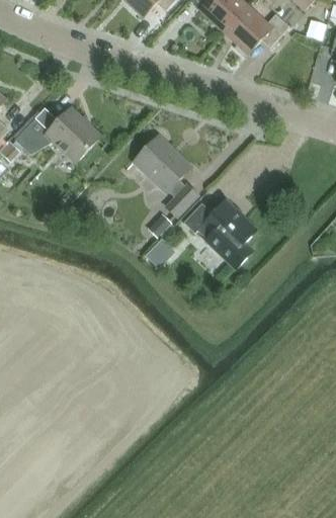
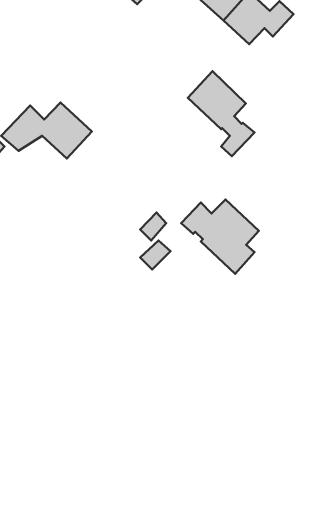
building: [135,136,197,215] -> [188,71,255,156]

